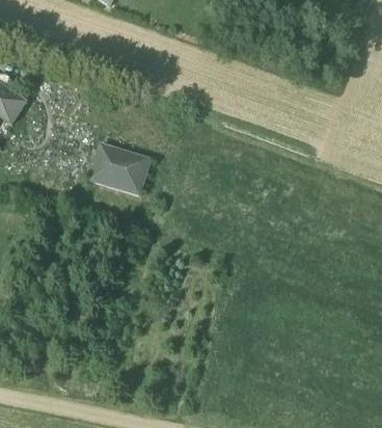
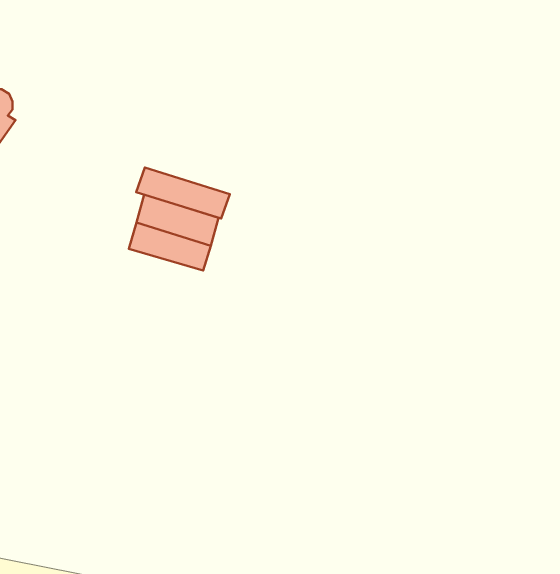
building: none -> [136,168,230,219]

